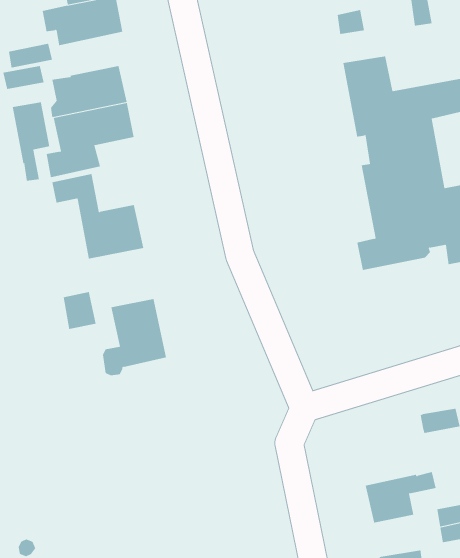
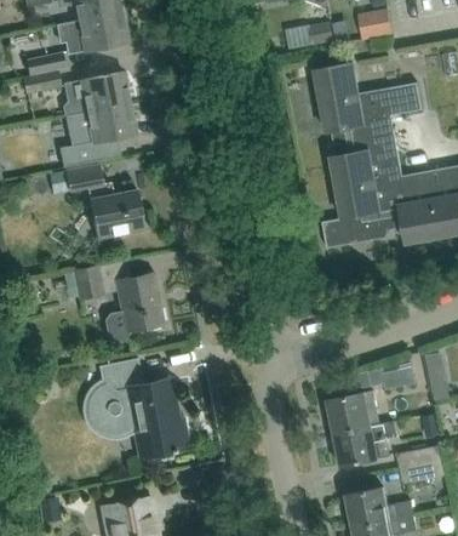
building: [12,101,50,182] -> none
building: none -> [80,359,189,457]
building: none -> [328,392,379,434]

